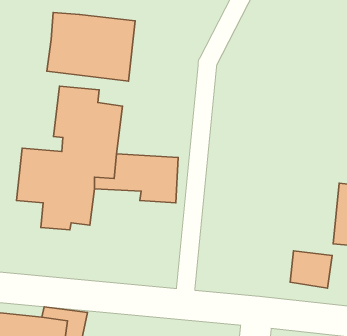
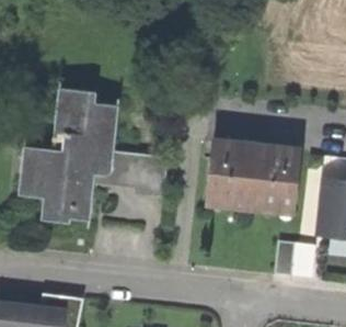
building: [47,12,135,81] -> none
building: none -> [206,137,299,214]

